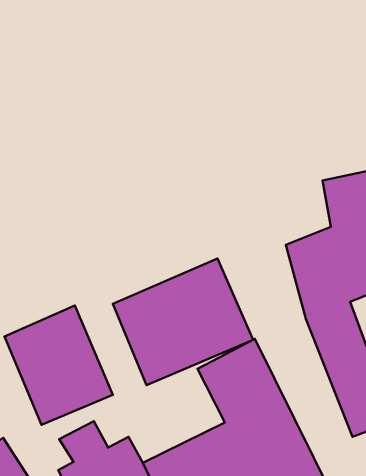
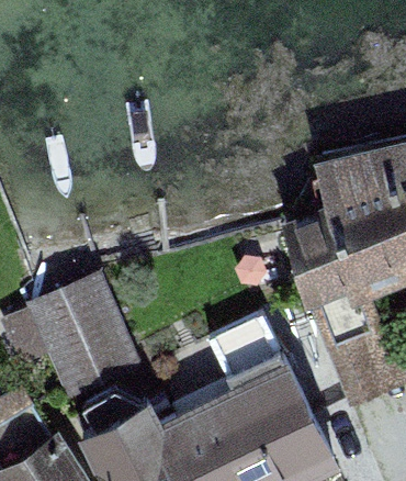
building: [113,258,253,385] -> none

